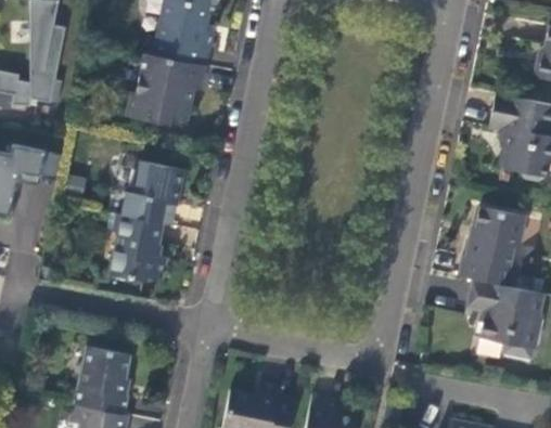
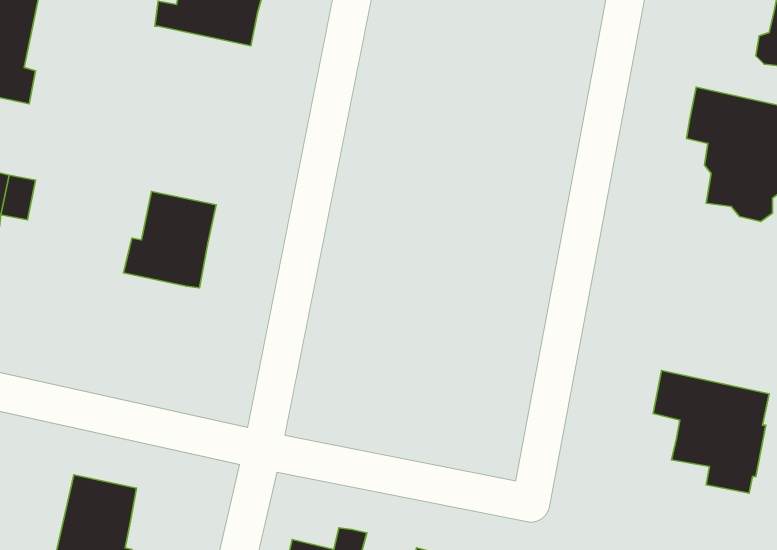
building: [125,53,204,125] -> none
building: [460,205,526,287] -> none
building: [110,213,165,280] -> none

